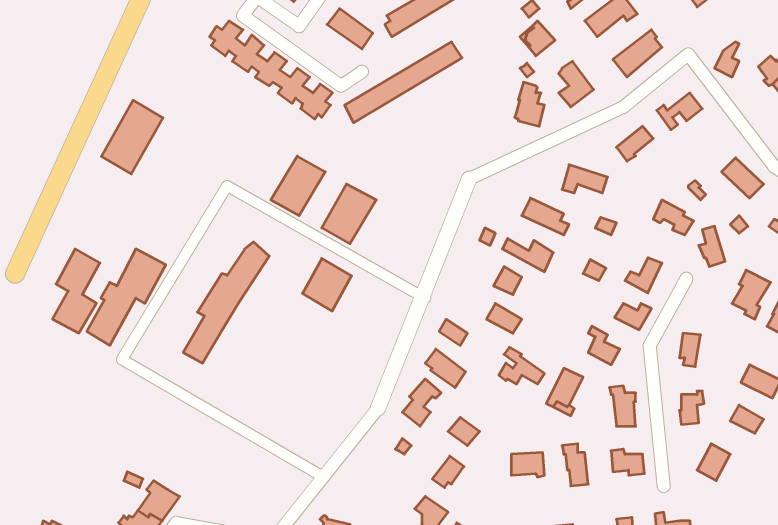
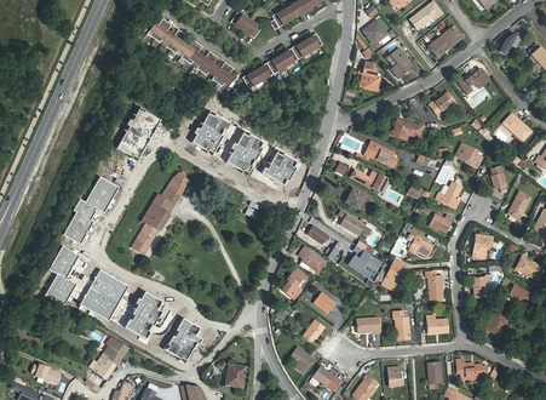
building: [101,100,163,174] -> [116,108,159,159]
building: [53,249,100,333] -> [46,245,79,303]
building: [302,258,352,311] -> [263,149,297,185]
building: none -> [79,269,127,320]
building: none -> [125,291,166,338]
building: none -> [163,316,199,361]

